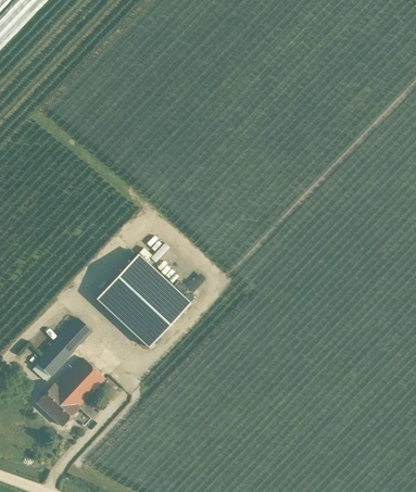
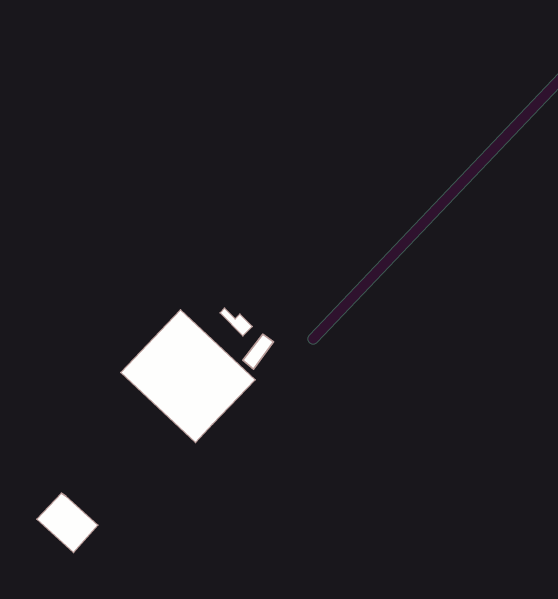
building: [35,318,90,376] -> none
building: [55,358,103,418] -> none

